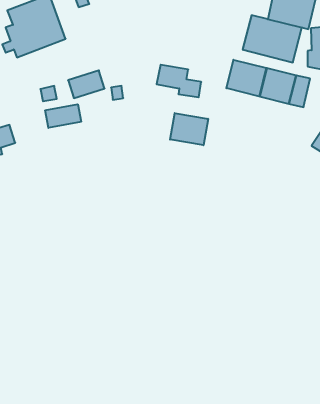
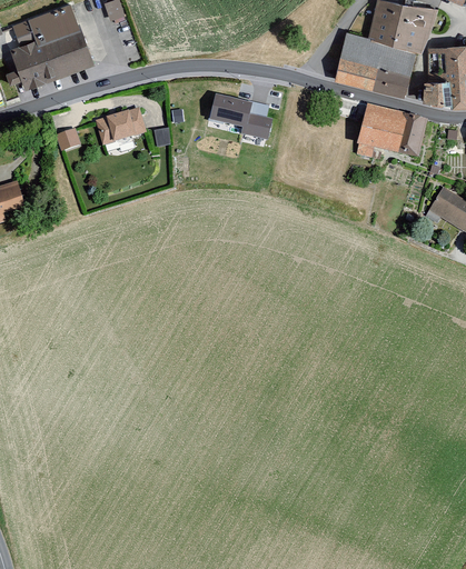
building: [226,60,266,96] -> none
building: [45,104,81,128] -> none
building: [170,113,208,145] -> none

